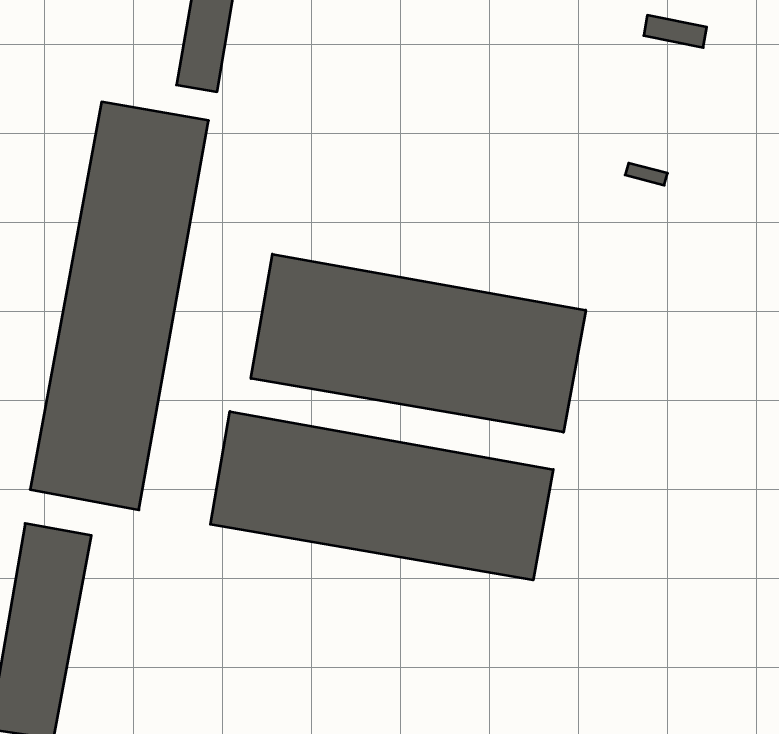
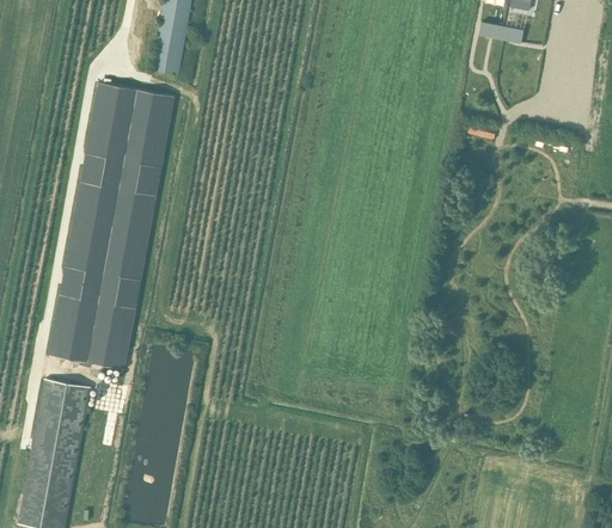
building: [251,254,586,432] -> none
building: [210,411,553,580] -> none

